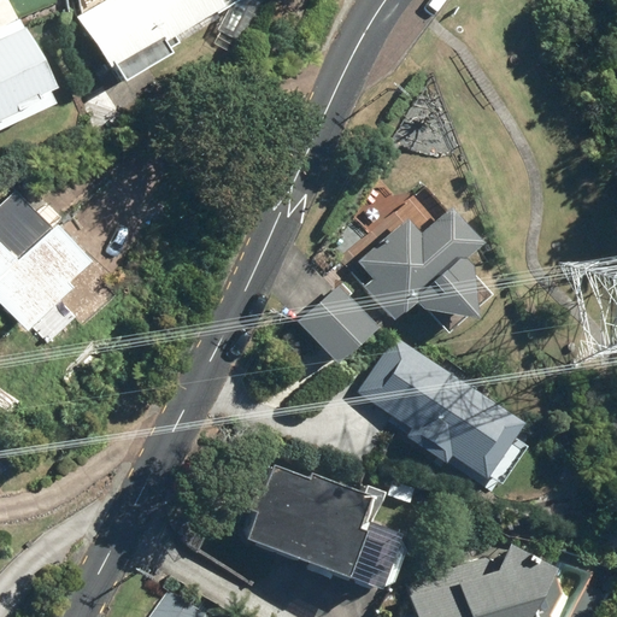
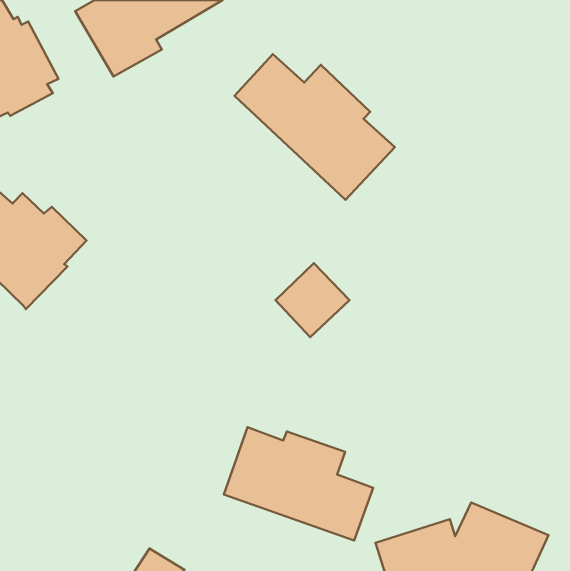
building: none -> [234,54,395,200]
building: [360,205,486,333] -> none
building: [371,349,513,471] -> none

